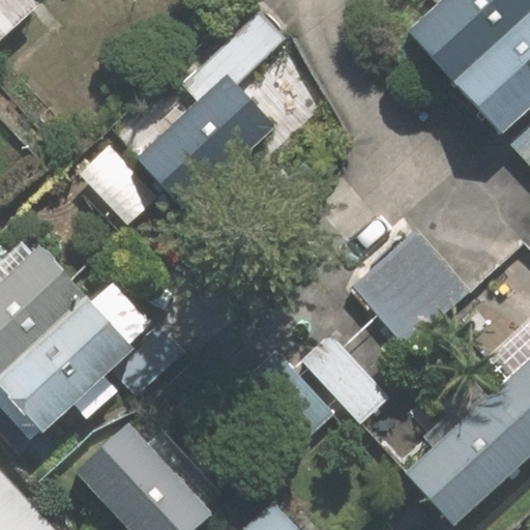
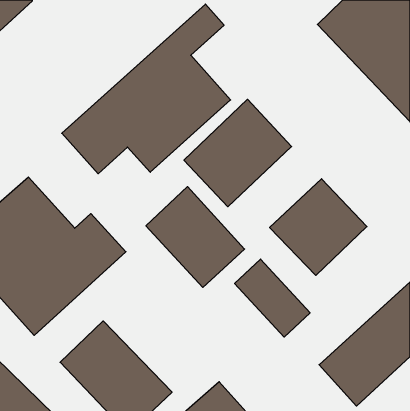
building: none -> [184,99,292,207]
building: none -> [146,187,245,287]

